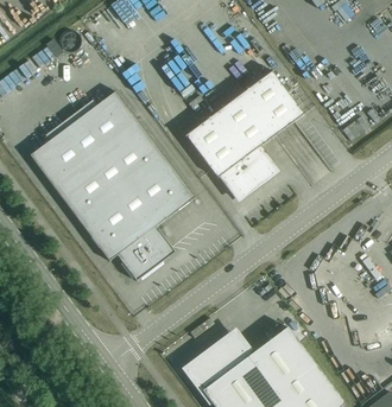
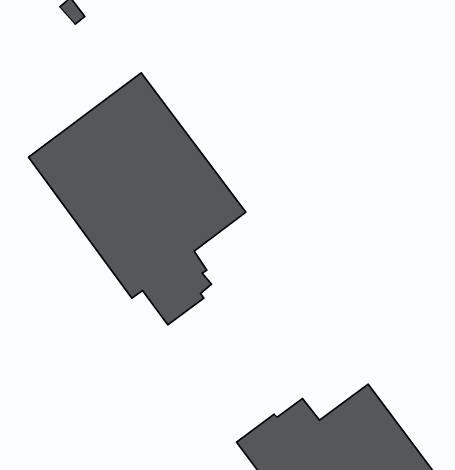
building: [184,69,303,198] -> none

